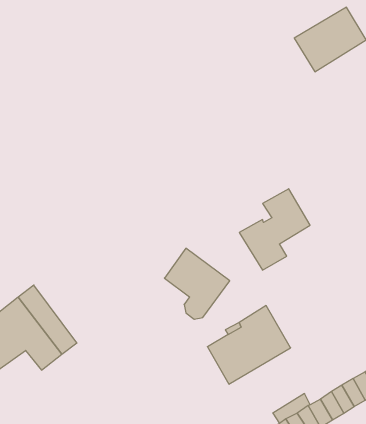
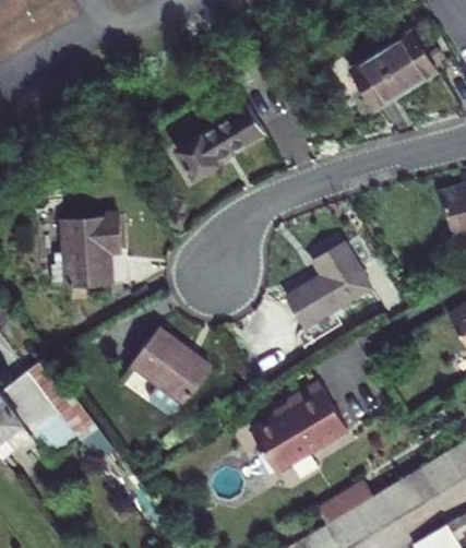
building: none -> [177,107,263,179]
building: none -> [52,214,119,287]
building: [164,248,230,319] -> [133,330,210,413]

